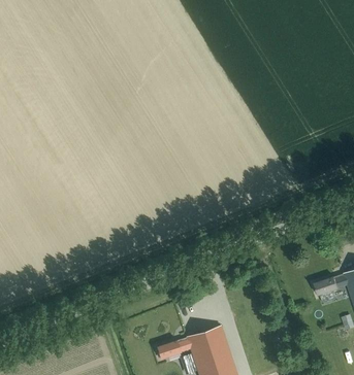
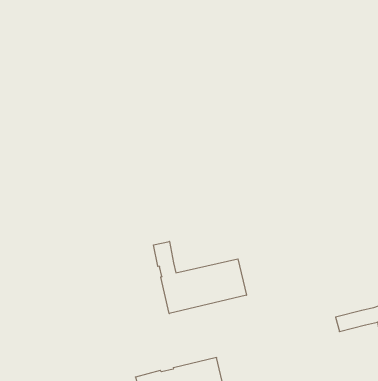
building: none -> [154,241,246,314]

